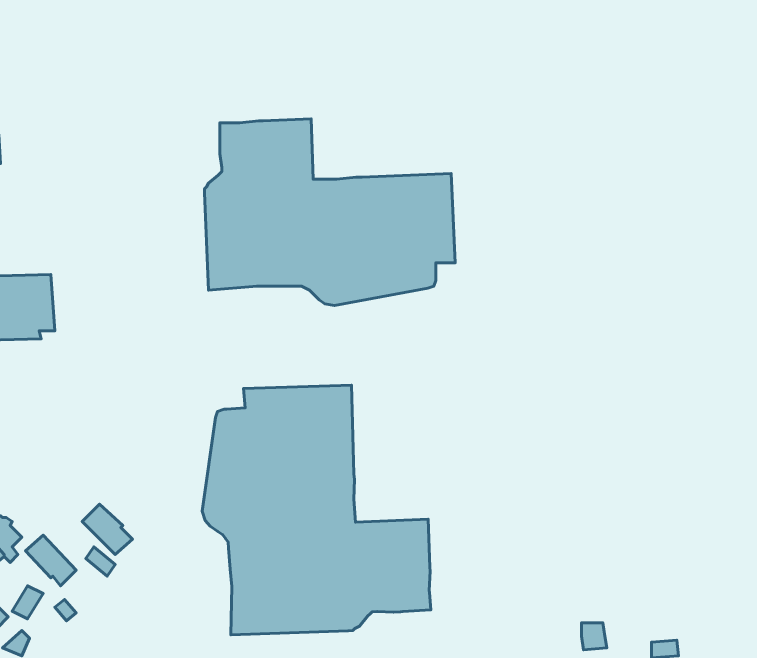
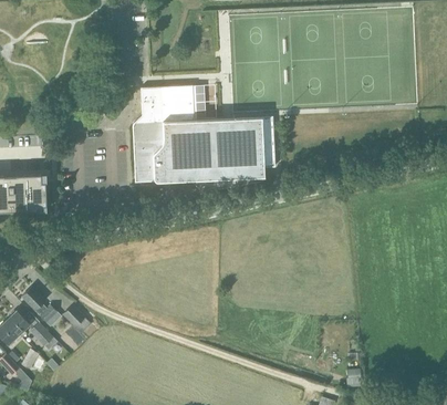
building: [202,385,431,635] -> none
building: none -> [21,285,61,325]

